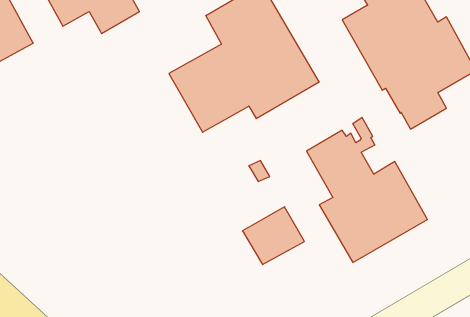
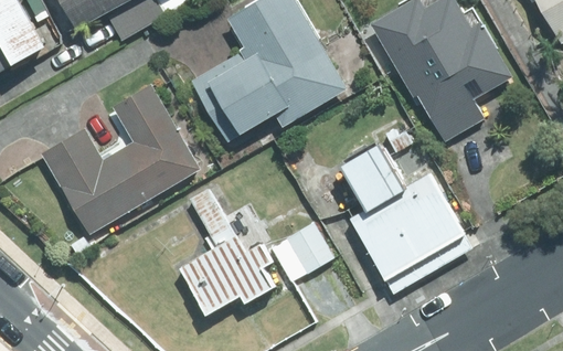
building: none -> [40,85,200,236]
building: none -> [178,190,274,317]

